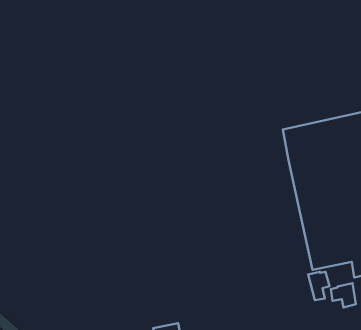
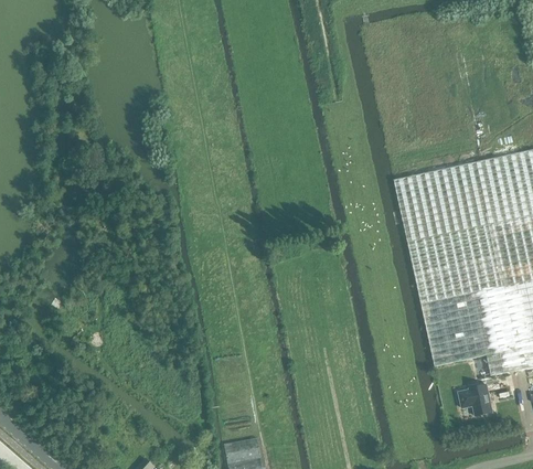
building: [308,272,329,300] -> none

